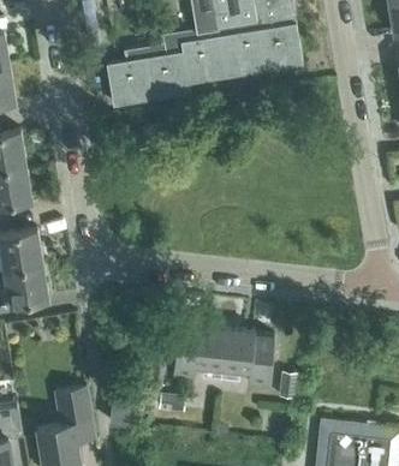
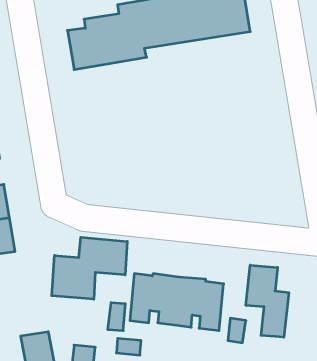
building: none -> [52,237,127,299]
building: none -> [246,265,289,337]

